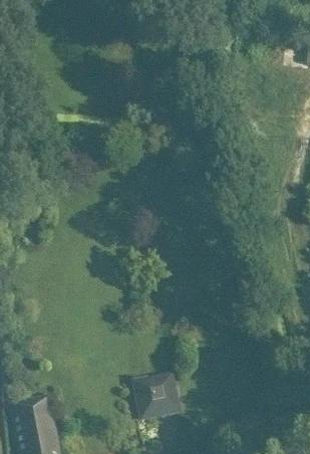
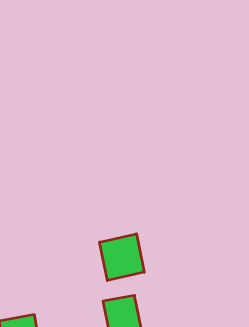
building: none -> [100,234,144,281]

